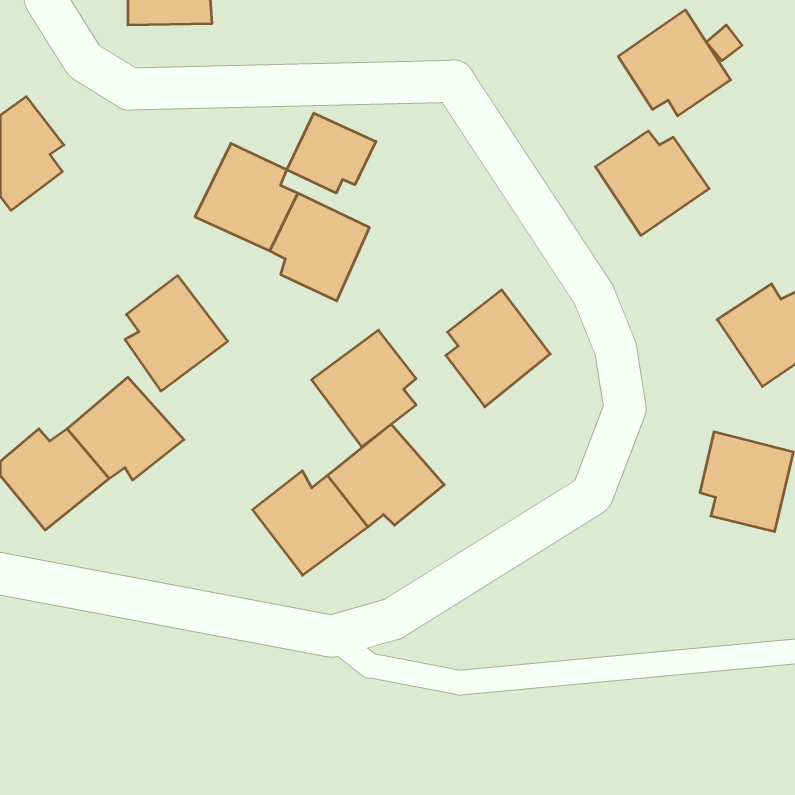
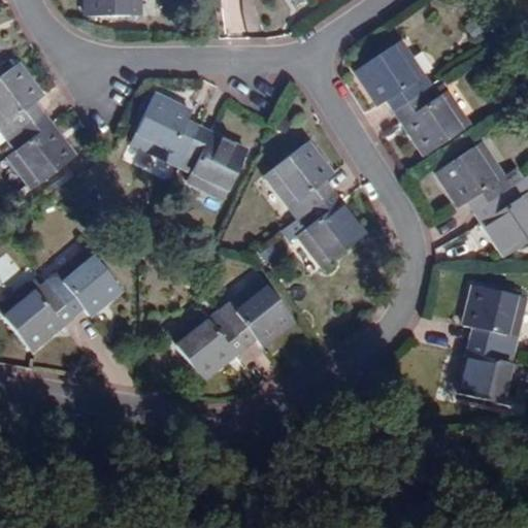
building: [618,10,731,116] -> [356,40,430,110]
building: [287,113,376,193] -> none
building: none -> [436,142,512,211]
building: [125,276,228,391] -> [7,113,75,190]
building: [312,330,416,447] -> [264,142,333,220]
building: none -> [459,341,521,406]

